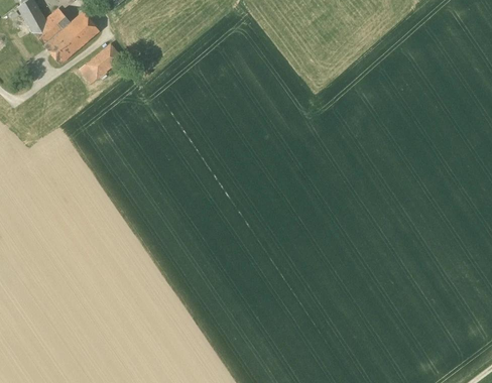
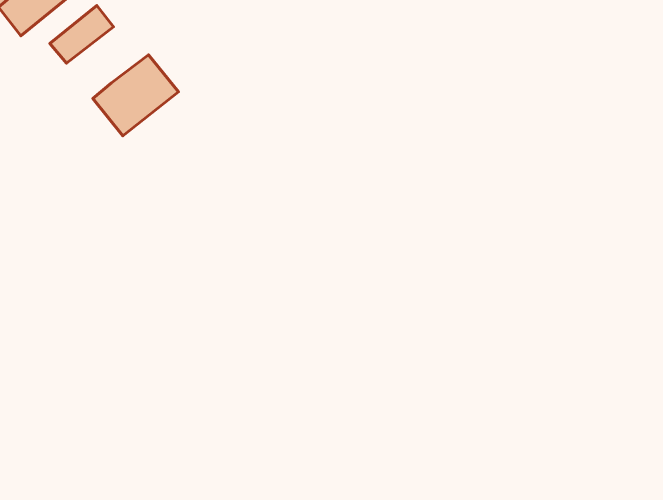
building: none -> [93,55,179,136]

